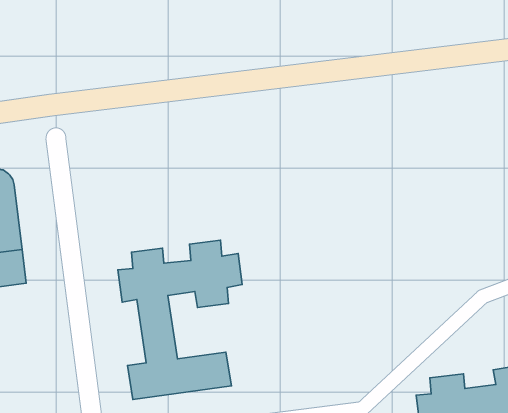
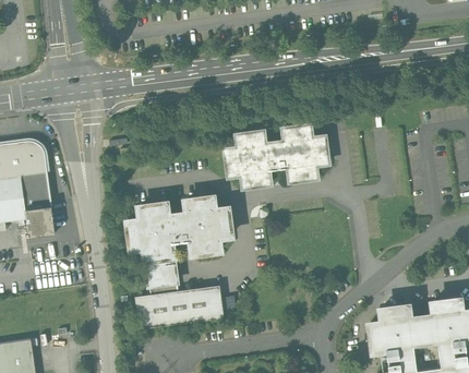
building: none -> [227,125,327,186]

